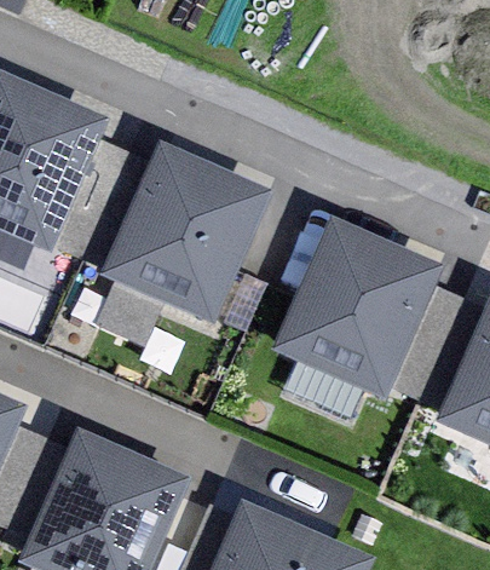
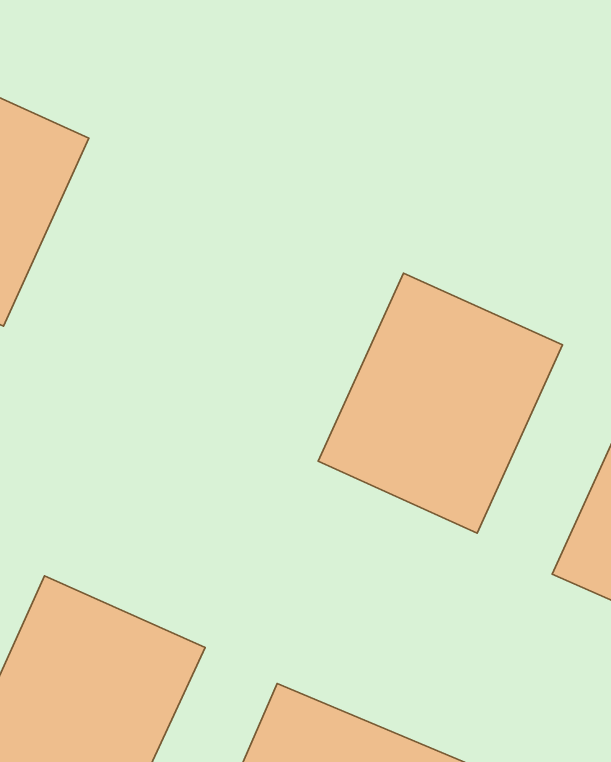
building: [98,142,272,326] -> none

